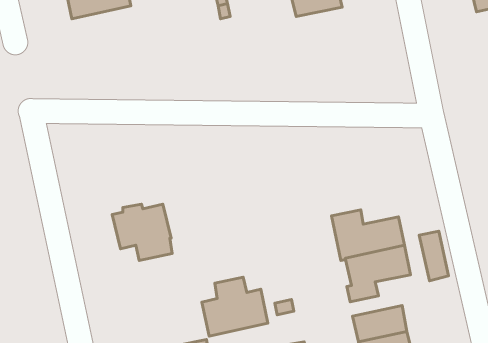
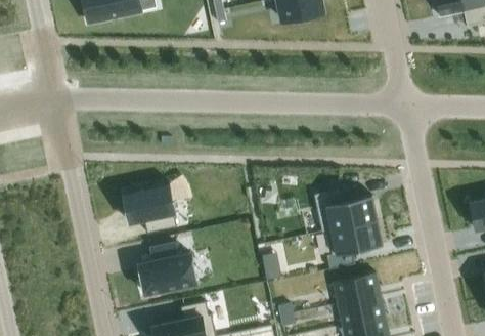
building: [419,231,449,281] -> none
building: [202,277,268,336] -> [139,242,196,293]

